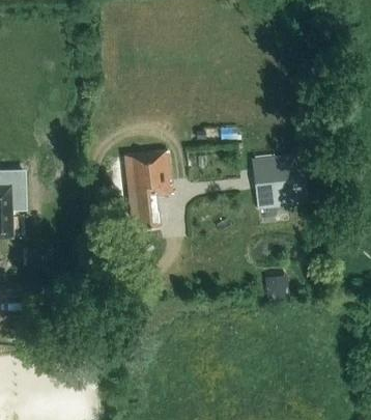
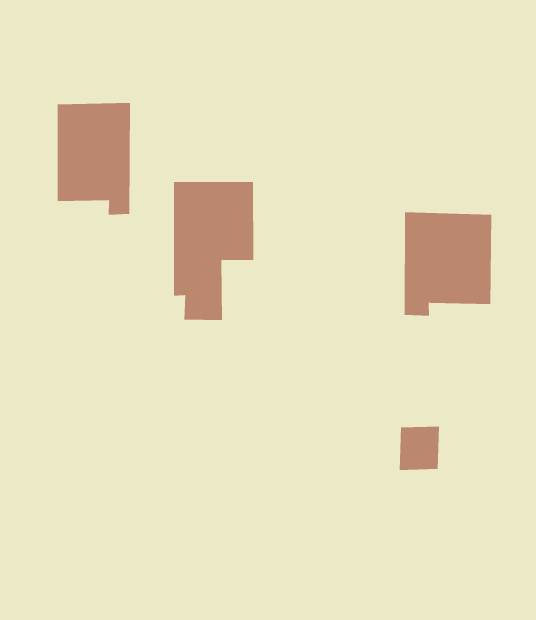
building: none -> [57,102,130,215]

